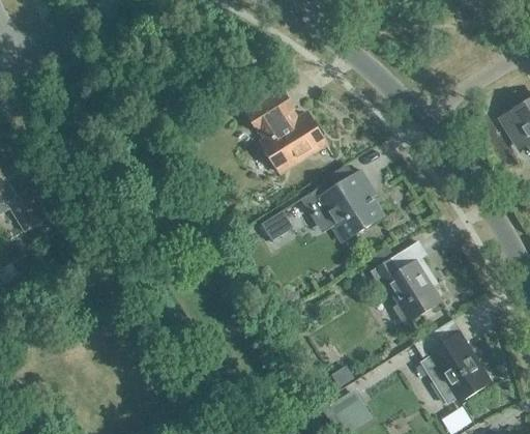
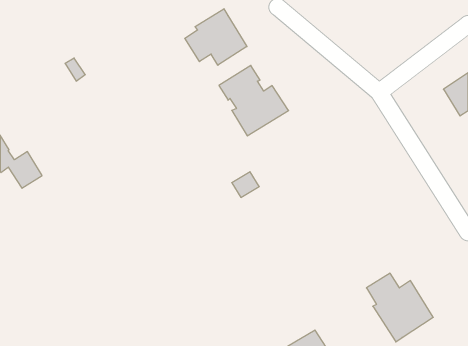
building: none -> [185,9,247,65]
building: [300,170,382,242] -> none
building: [373,245,442,324] -> none

